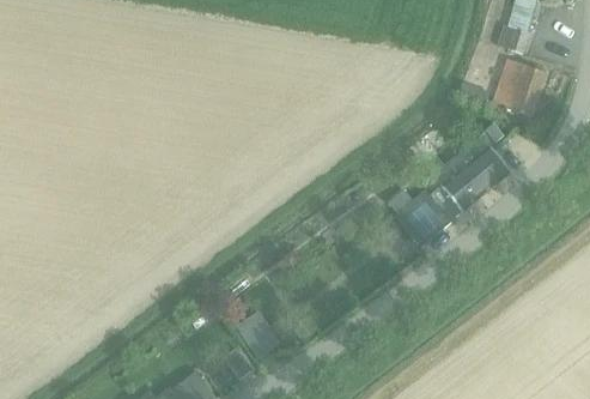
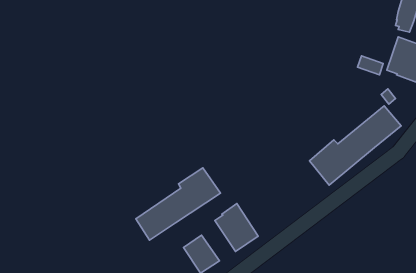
building: none -> [136,168,220,240]
building: none -> [215,203,258,252]

